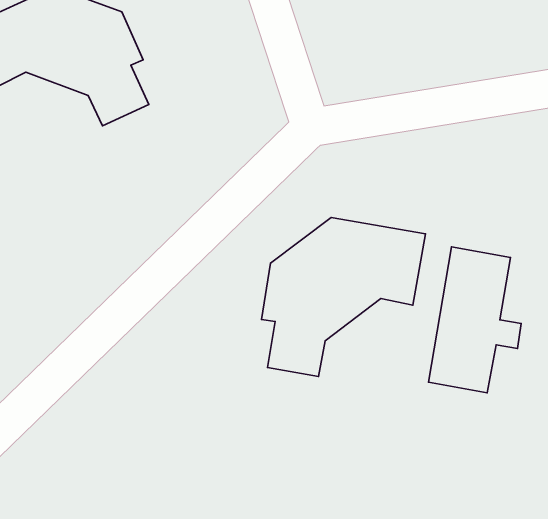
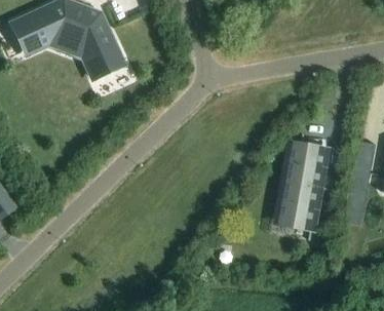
building: [261,218,426,377] -> none

